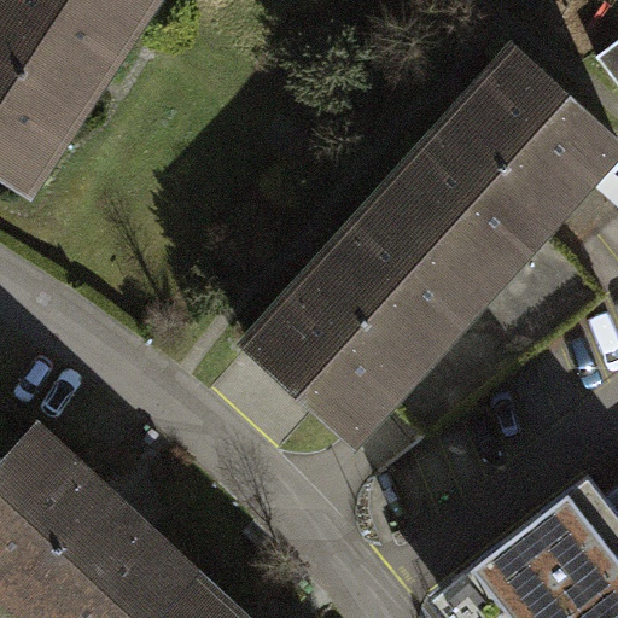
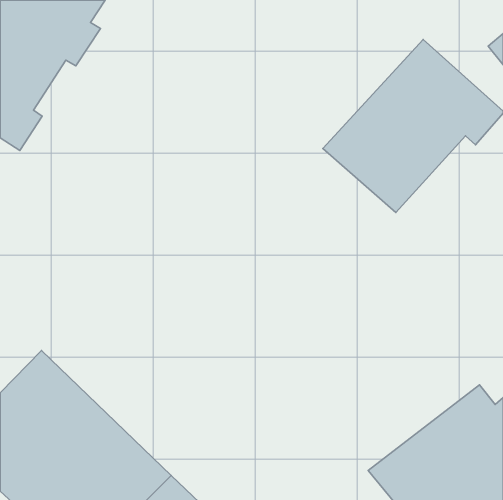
building: [250,186,485,437] -> none

